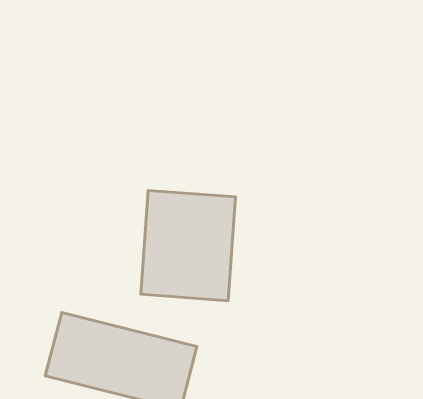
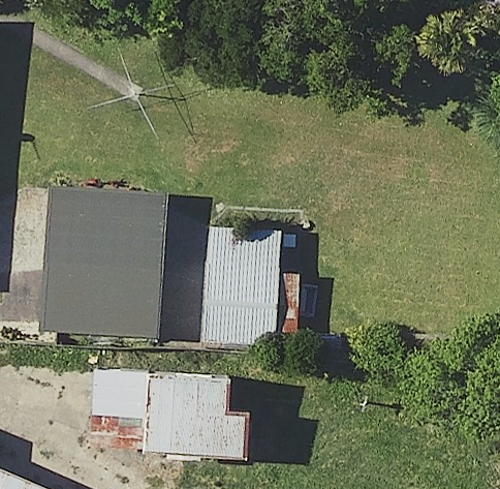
building: none -> [35,194,138,332]

